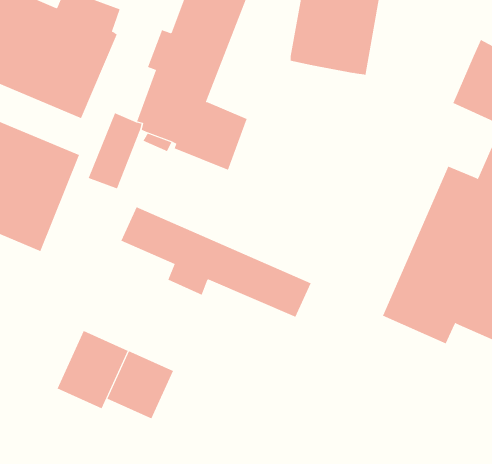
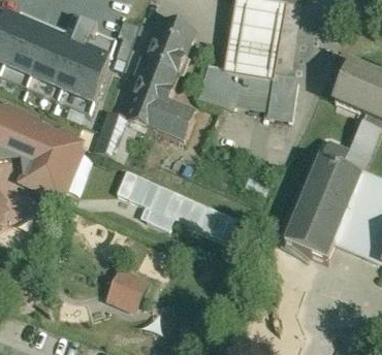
building: none -> [212,67,299,120]
building: [57,330,128,409] -> none

